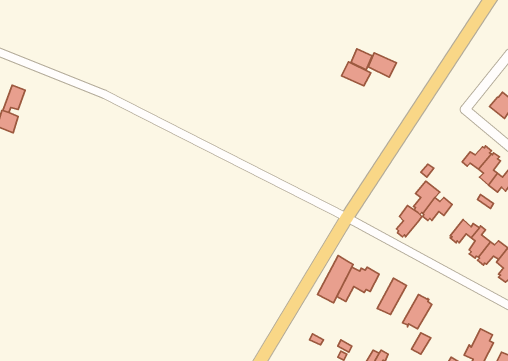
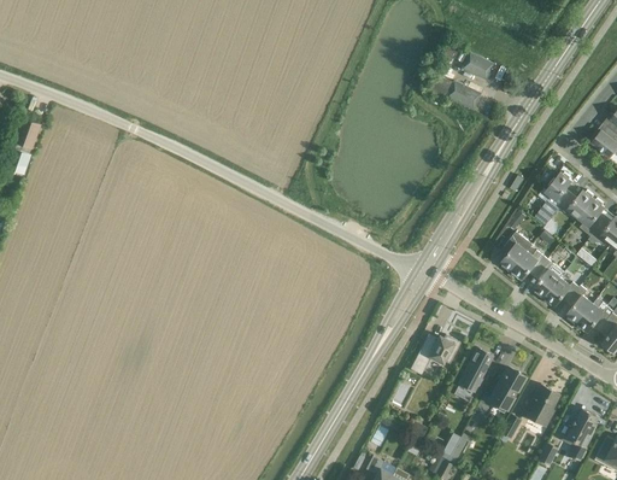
building: [341,62,371,86] -> [460,51,495,80]
building: none -> [539,174,571,219]
building: [396,206,422,237] -> [534,261,564,298]
building: [317,255,353,303] -> none
building: none -> [522,385,559,427]

